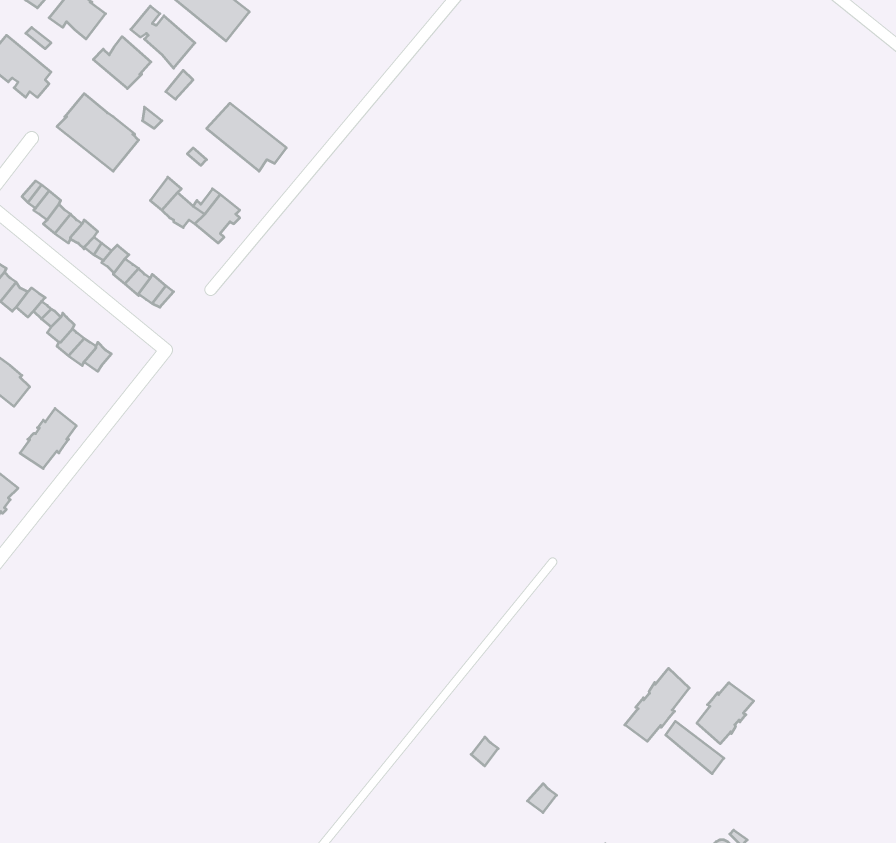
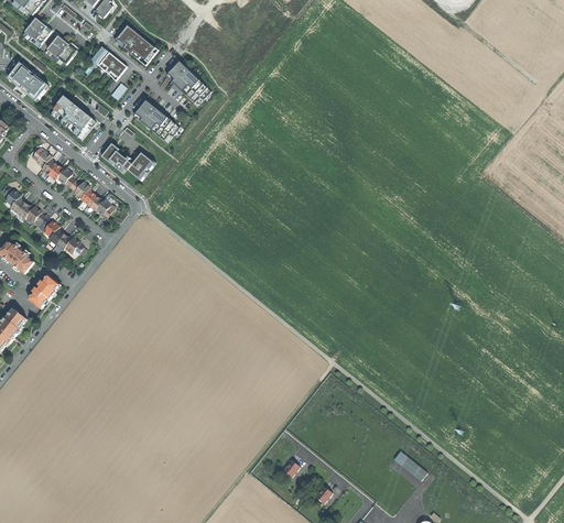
building: none -> [166,61,210,101]
building: [93,37,151,89] -> none
building: [625,668,689,741] -> none
building: [697,683,754,744] -> none

